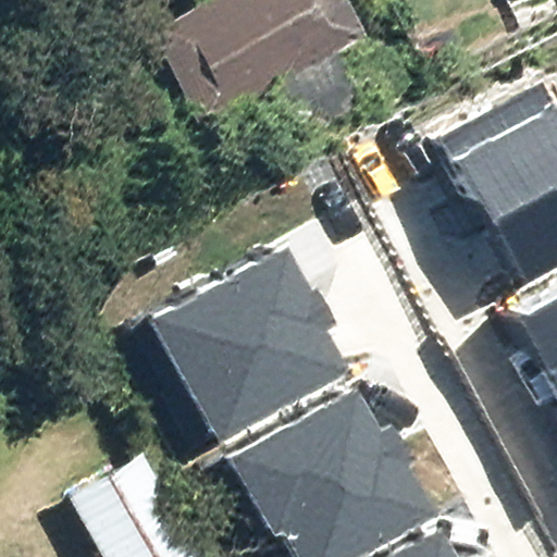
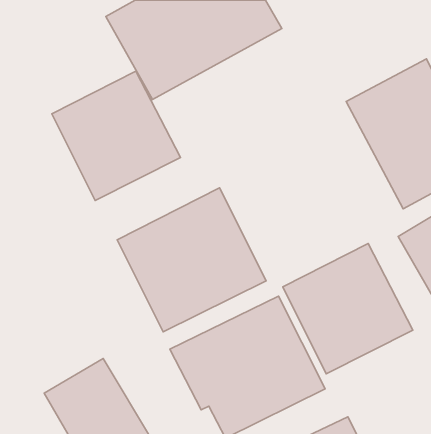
building: none -> [52,71,180,200]
building: none -> [283,243,413,374]

